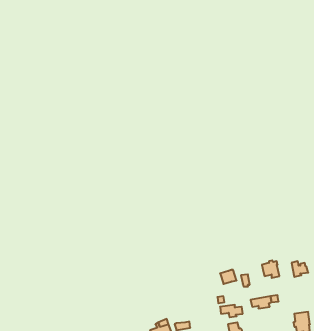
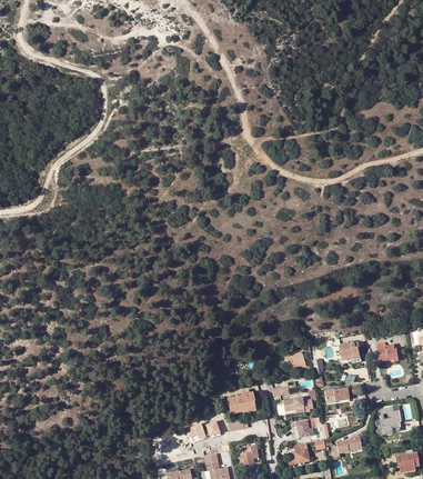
building: none -> [228,392,256,415]

